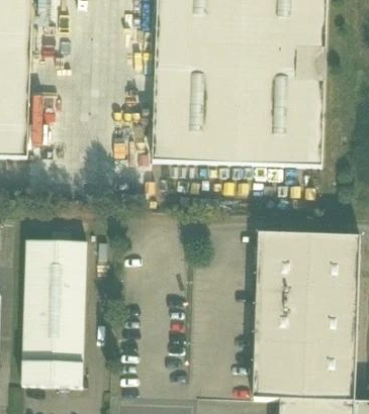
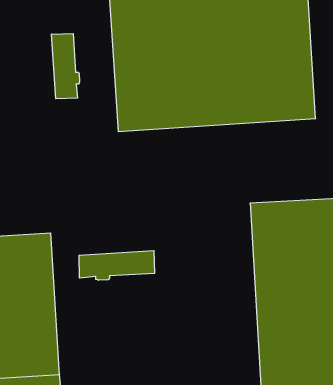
building: none -> [52,34,80,99]
building: none -> [79,251,154,280]

